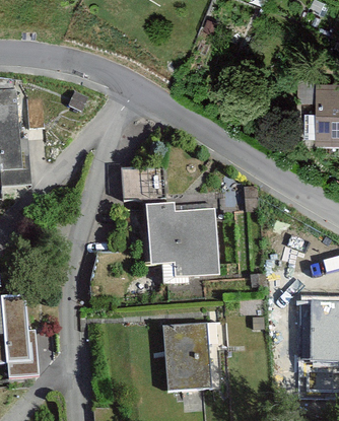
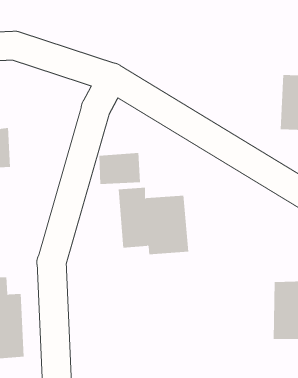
building: [170,324,215,389] -> none

